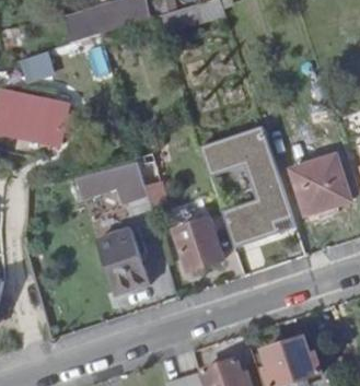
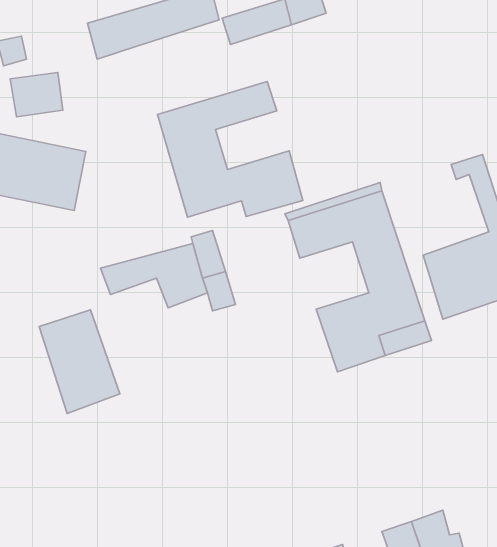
building: none -> [157,81,303,217]
building: [174,218,221,269] -> none
building: [96,227,150,296] -> [39,310,120,414]

